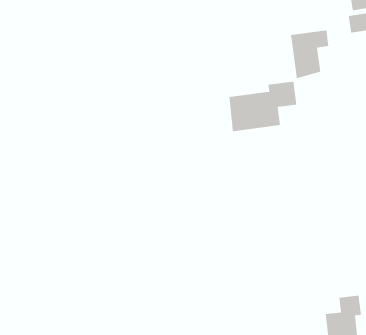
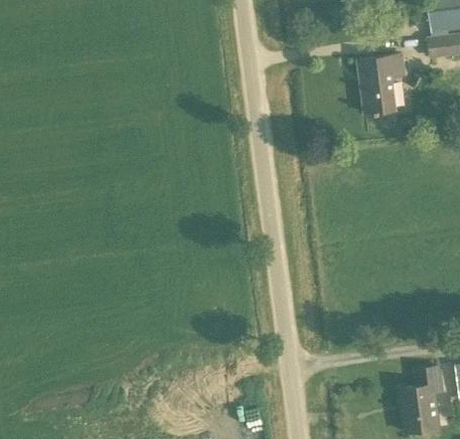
building: [229,81,297,132] -> none

